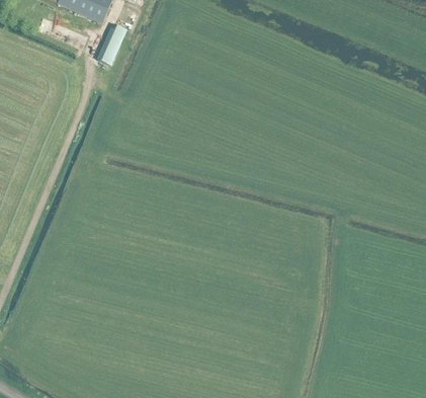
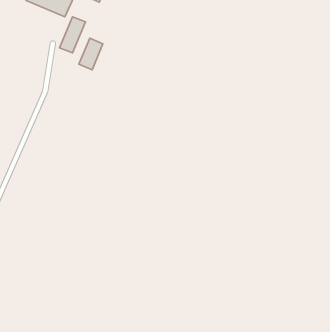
building: none -> [79,38,103,70]

